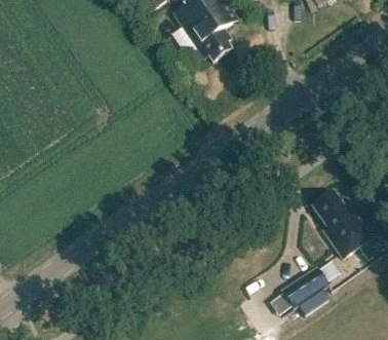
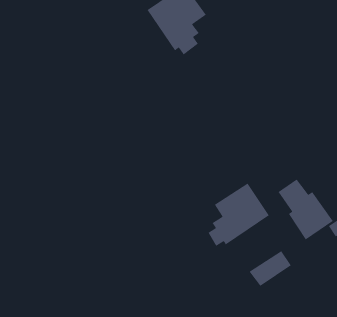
building: none -> [207,182,270,247]

